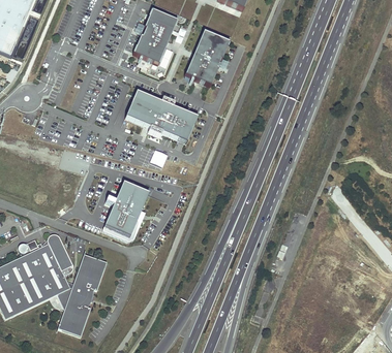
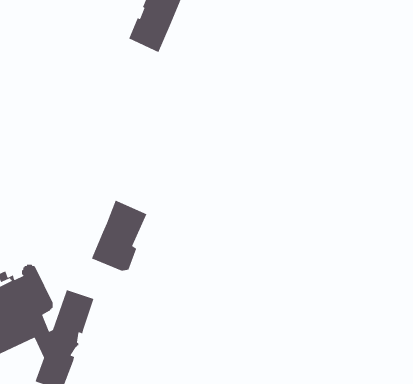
building: [186,29,228,85] -> none
building: [125,92,197,141] -> none

